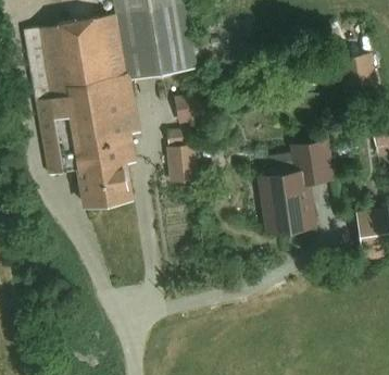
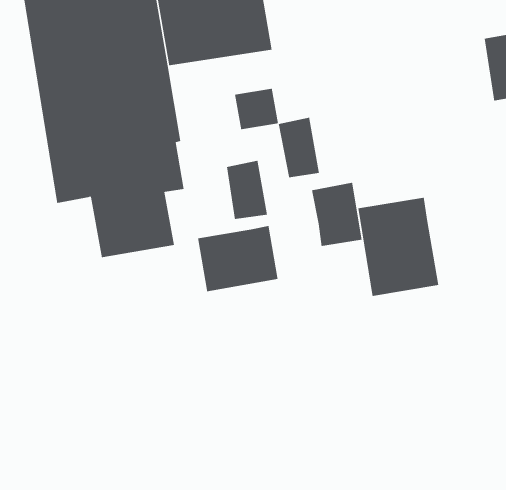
building: none -> [278,117,320,178]
building: [297,139,331,183] -> [311,182,363,246]
building: none -> [198,225,278,292]

